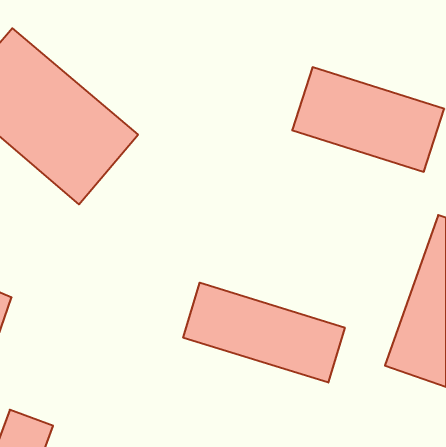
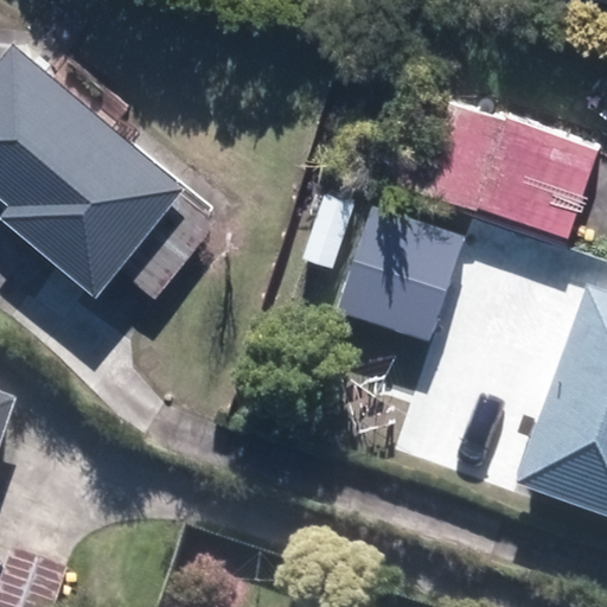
building: none -> [340,207,462,339]
building: [183,283,345,383] -> none

